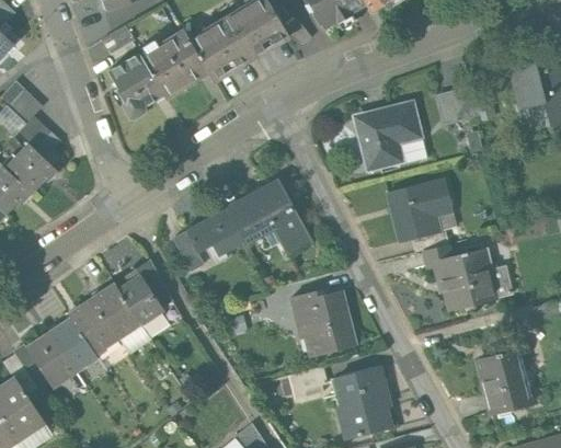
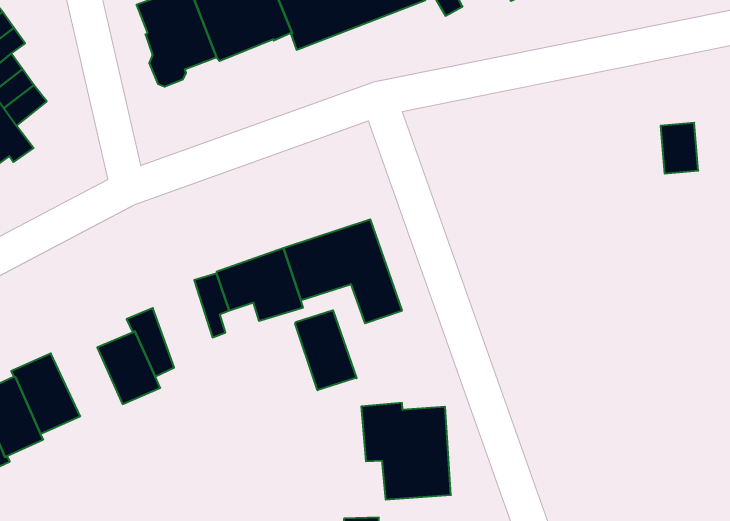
building: [355,101,421,171] -> none
building: [391,181,450,241] -> none
building: none -> [295,310,357,390]
building: [436,245,499,310] -> none
building: [91,284,141,340] -> none

